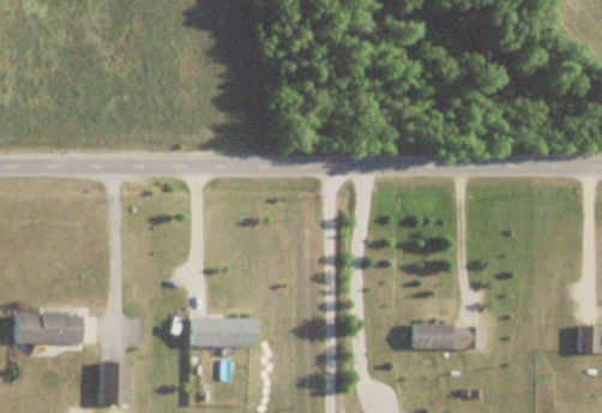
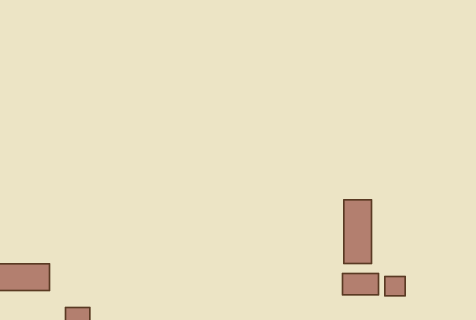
building: none -> [344,200,372,263]
building: [188,319,255,347] -> none

